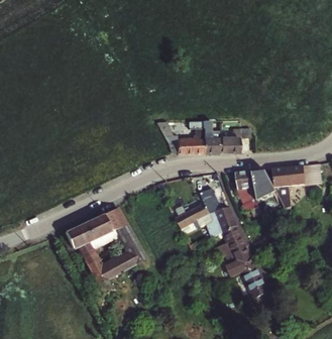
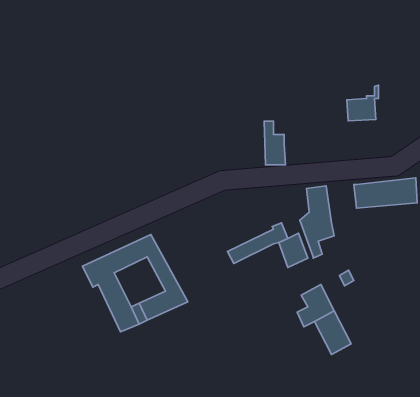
building: [162,120,205,153] -> none
building: [219,126,243,153] -> [347,85,378,121]
building: [251,168,279,198] -> none
building: [222,225,247,253] -> none

